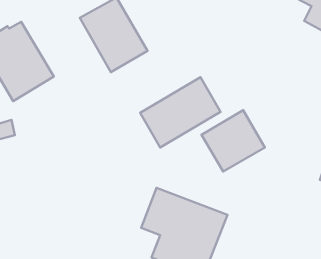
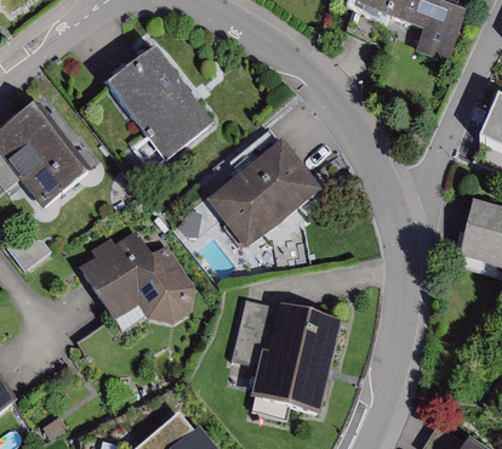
building: [201,110,265,172] -> none
building: none -> [73,227,189,320]

